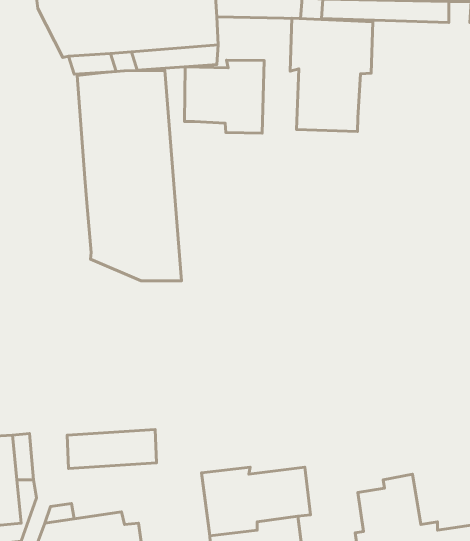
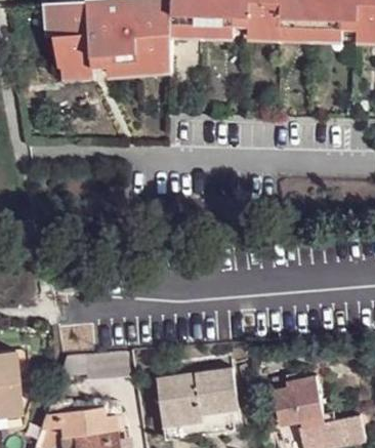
building: [290,18,373,131] -> none
building: [184,60,264,133] -> none
building: [77,71,182,281] -> none

